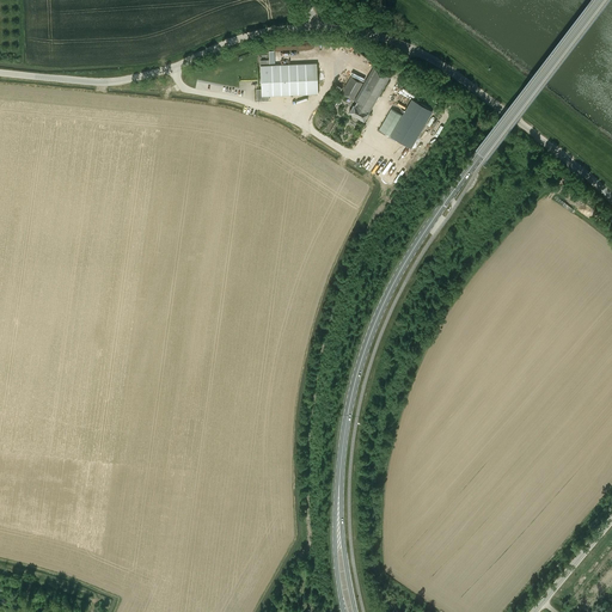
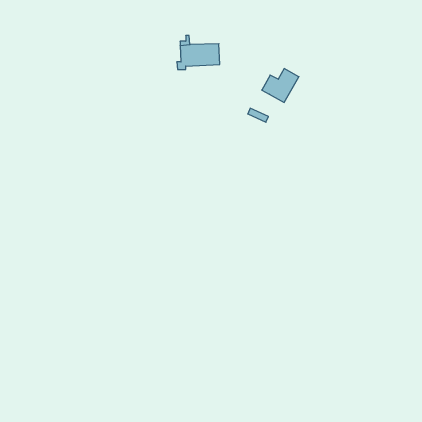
building: [341,68,390,121] -> none

